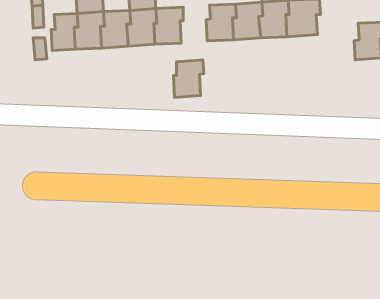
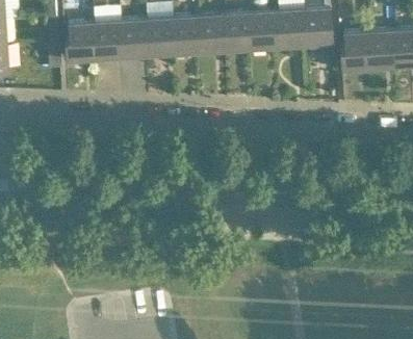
building: none -> [342,32,373,70]
building: [173,60,204,98] -> [196,15,226,52]

